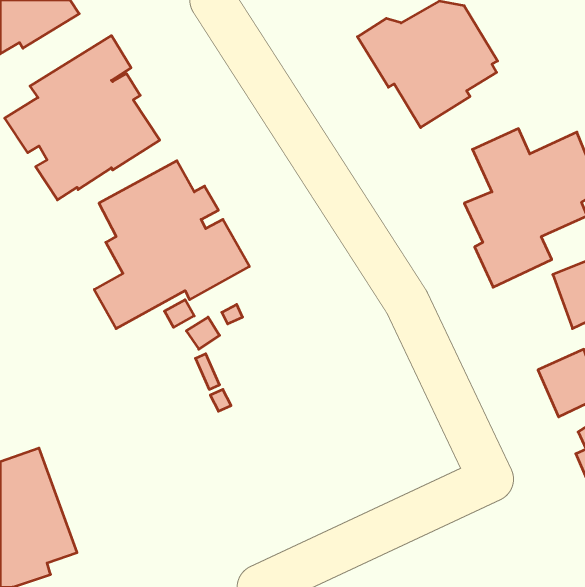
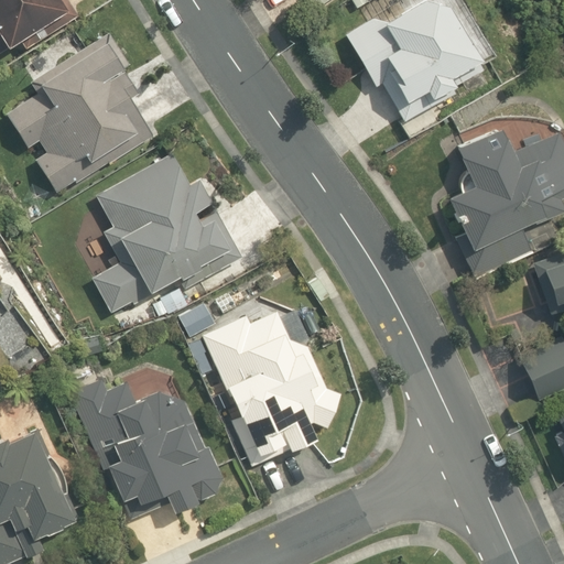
building: none -> [202,311,340,467]
building: none -> [69,375,221,516]

